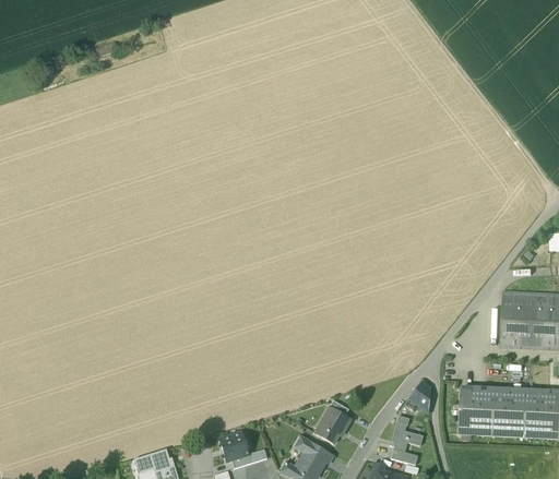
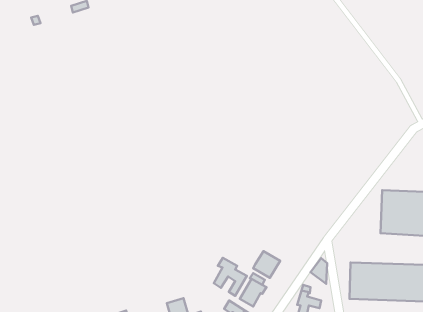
building: none -> [253,251,280,278]
building: none -> [214,258,247,296]

